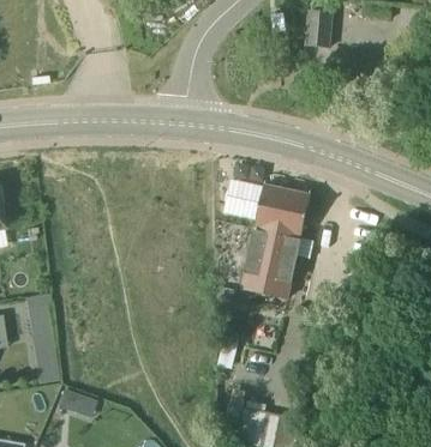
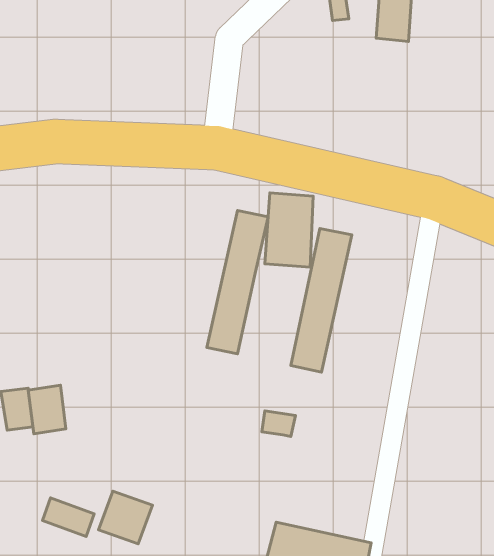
building: [267,191,312,297] -> [207,210,268,354]
building: none -> [28,385,66,434]
building: none -> [99,491,153,544]

